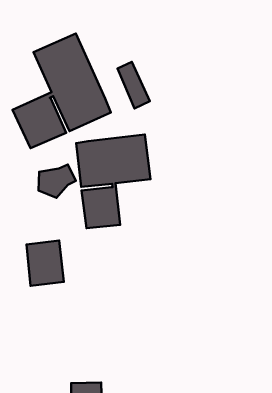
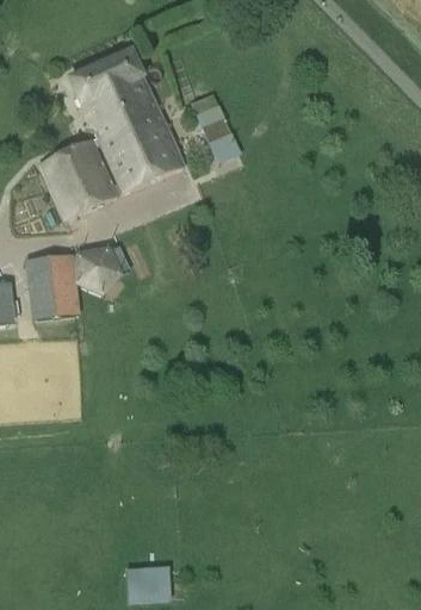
building: [76,134,150,228] -> none
building: [27,240,64,286] -> [25,253,80,319]

